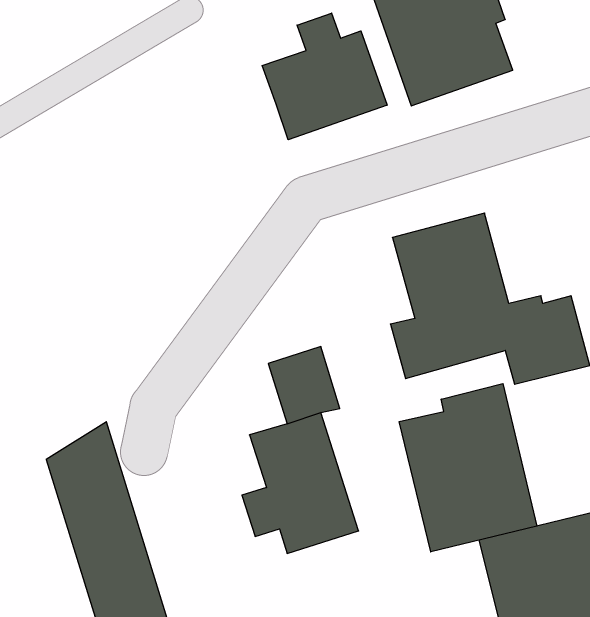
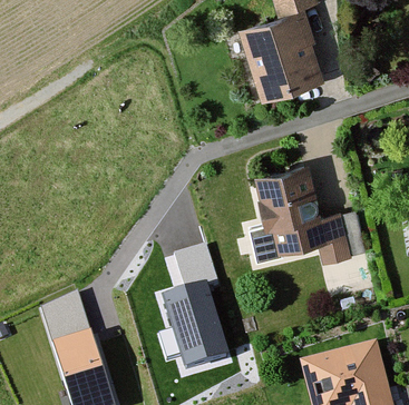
building: [262,13,387,140] -> none
building: [399,384,537,552] -> none

